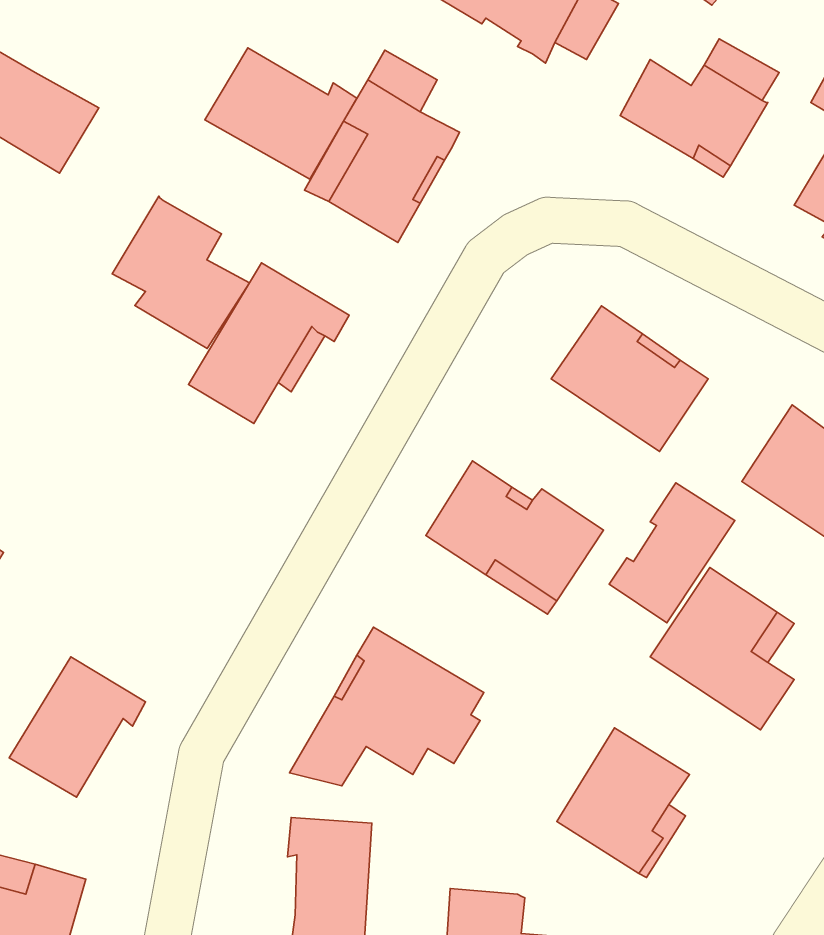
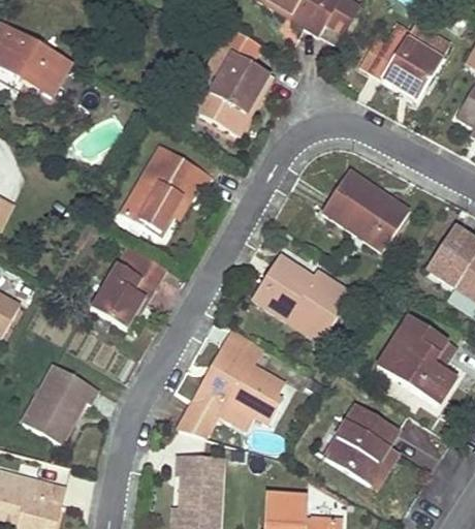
building: [205,48,357,179] -> none
building: [112,196,249,348] -> none
building: none -> [91,245,166,328]
building: [609,483,735,623] -> none

